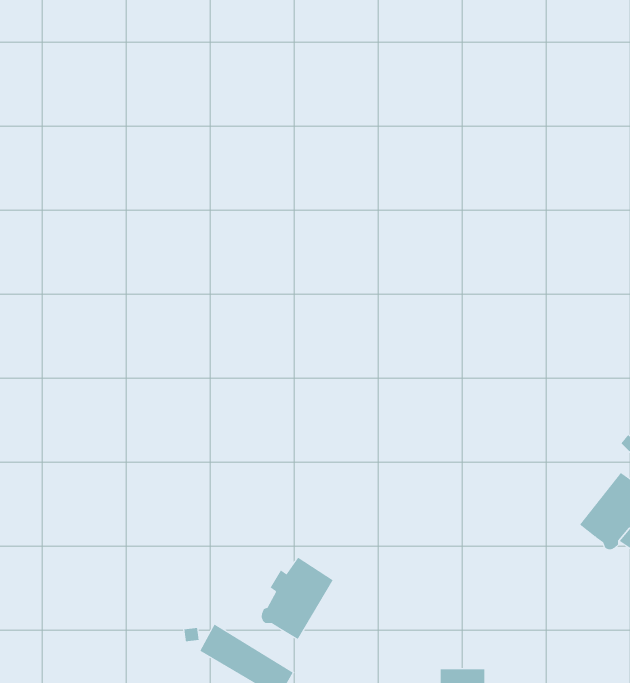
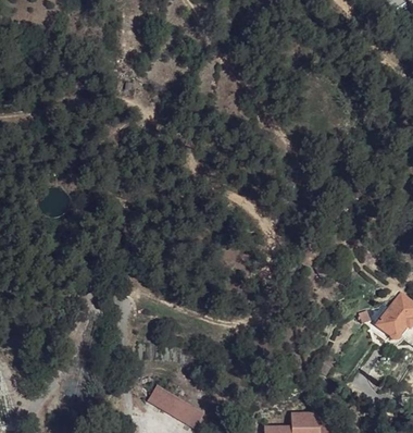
building: [261,557,333,640] -> none

